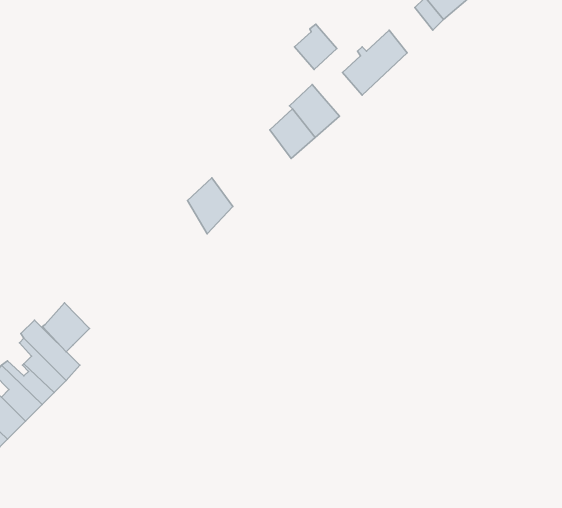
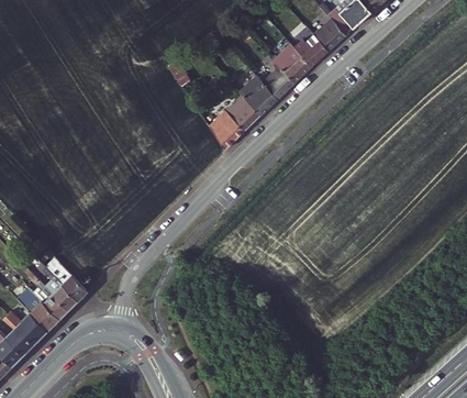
building: none -> [312,21,344,54]
building: [295,24,337,70] -> [262,67,292,100]
building: [188,178,233,234] -> [208,110,241,151]
building: [43,303,90,352] -> none

